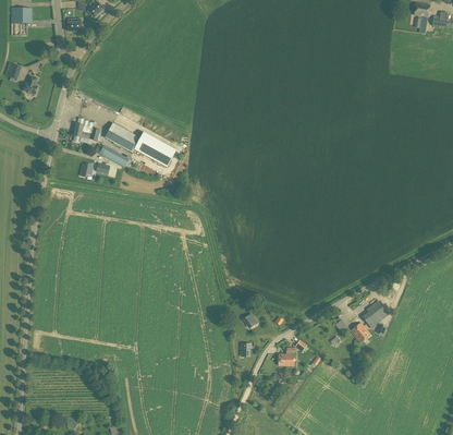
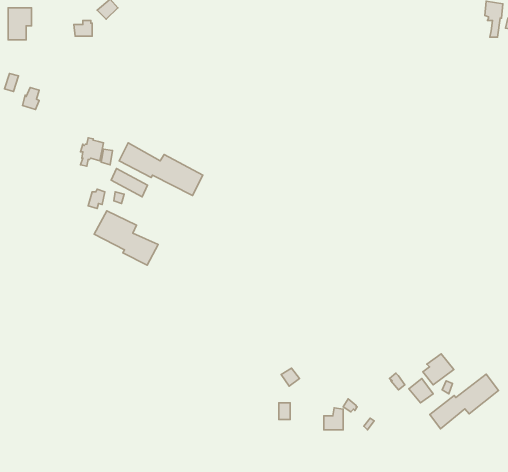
building: none -> [94,211,158,265]
building: none -> [430,374,498,429]

